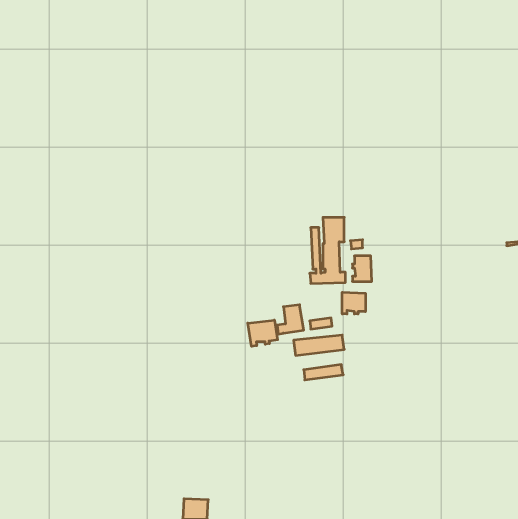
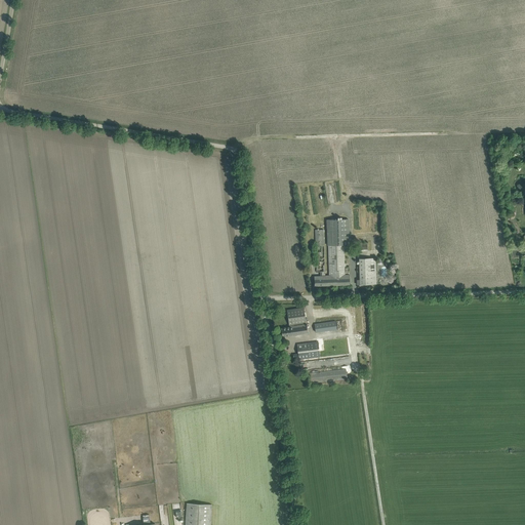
building: [342,292,365,314] -> none
building: [248,320,278,346] -> none

